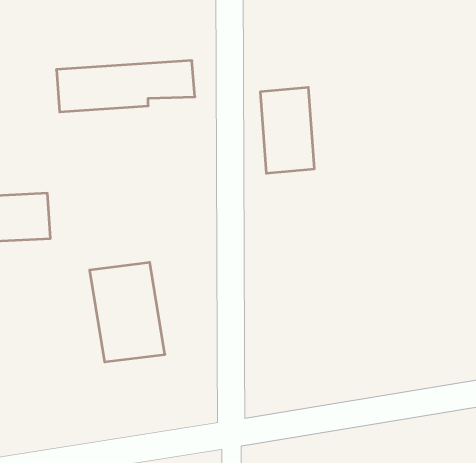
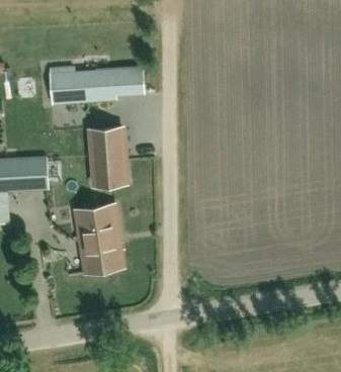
building: [260,87,314,173] -> [90,126,126,184]

